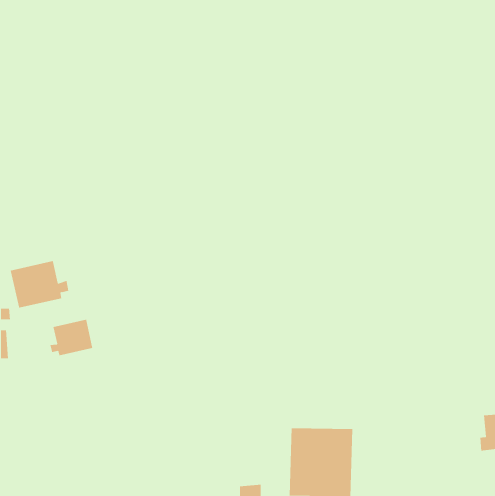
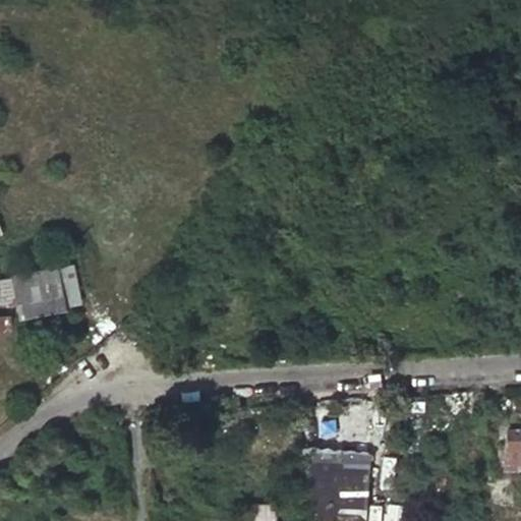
building: [50,319,93,356] -> none

